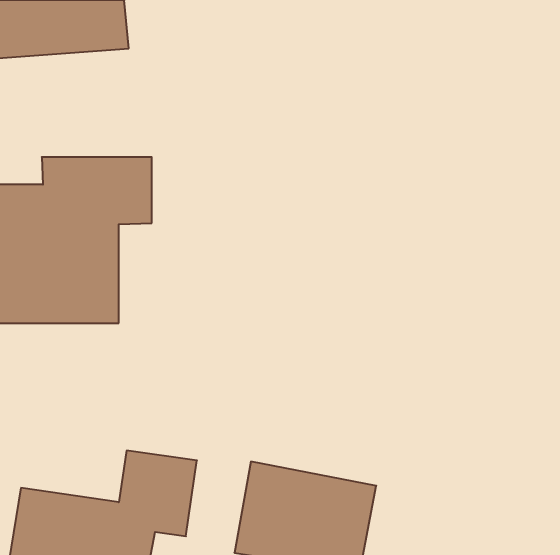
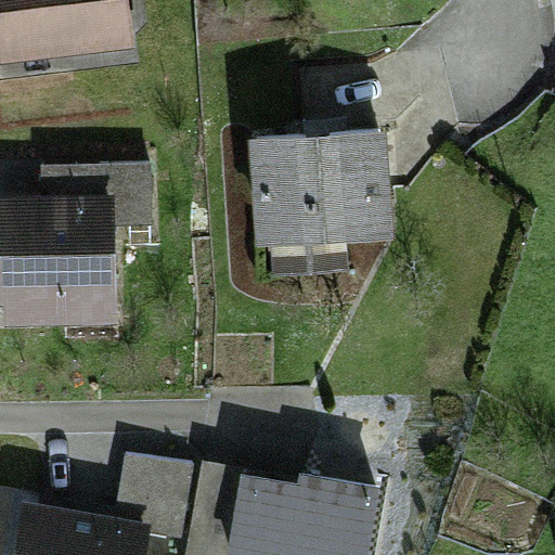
building: none -> [259,155,386,258]

